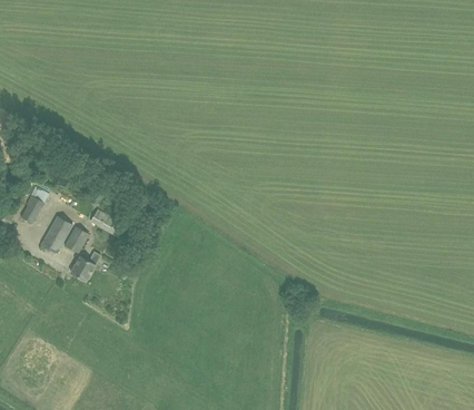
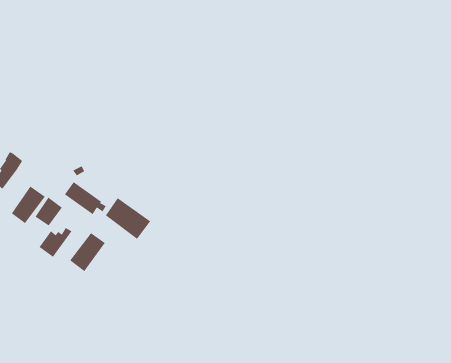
building: none -> [105,197,151,240]
building: none -> [69,232,106,272]

